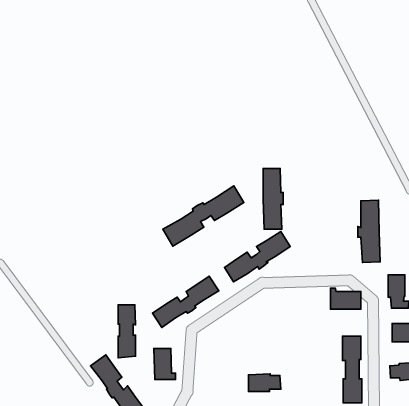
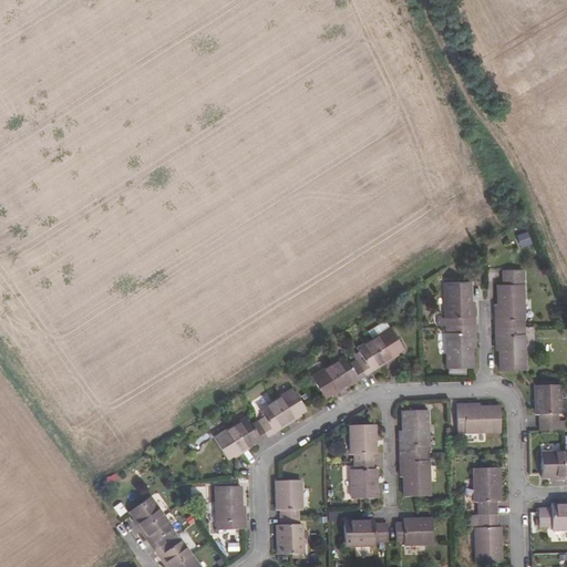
building: [263,168,283,229] -> [447,281,475,365]
building: [163,186,244,246] -> none
building: none -> [401,411,430,495]
building: none -> [351,424,375,497]
building: [118,305,136,358] -> [277,481,301,554]
building: none -> [396,520,433,545]

